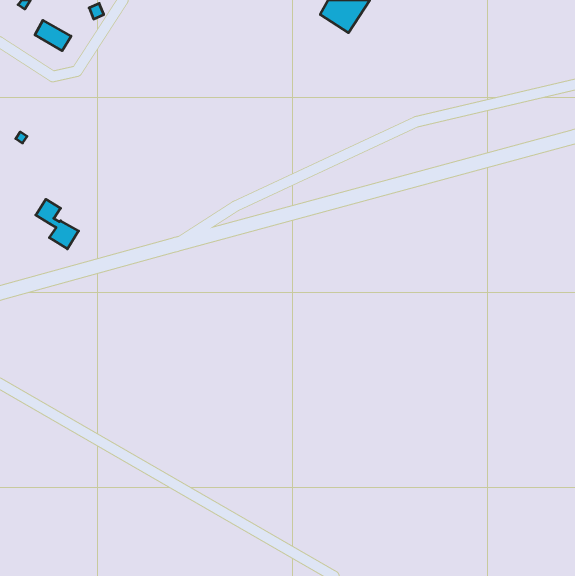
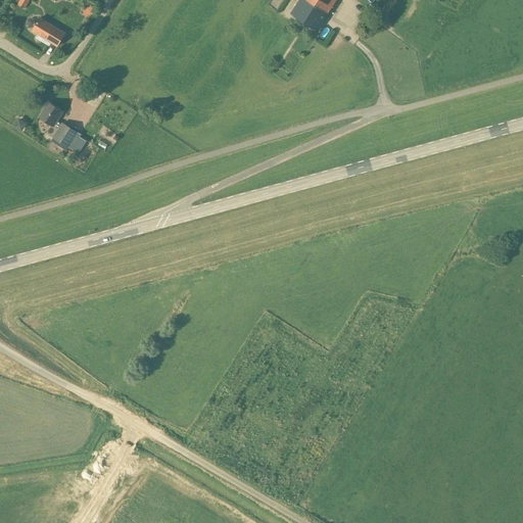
building: [36,199,79,249] -> [39,103,78,148]

